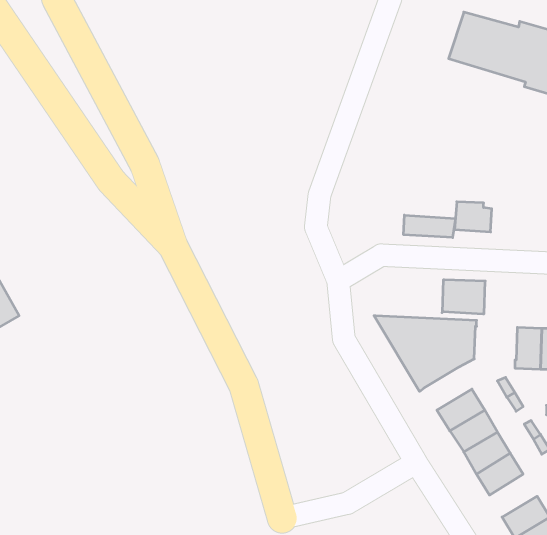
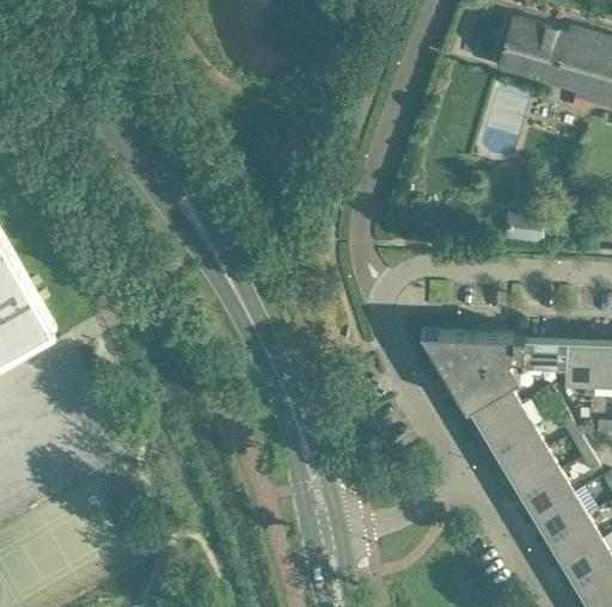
building: [404,215,455,238] -> none
building: [442,280,485,314] -> [522,343,567,378]
building: none -> [471,385,520,429]
building: none -> [538,495,587,539]

